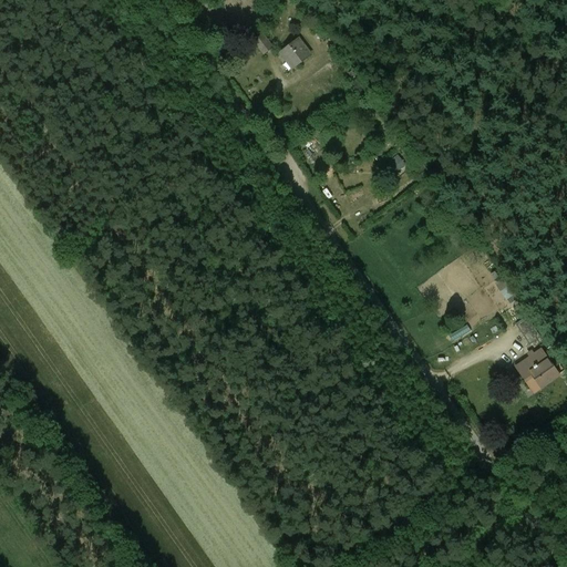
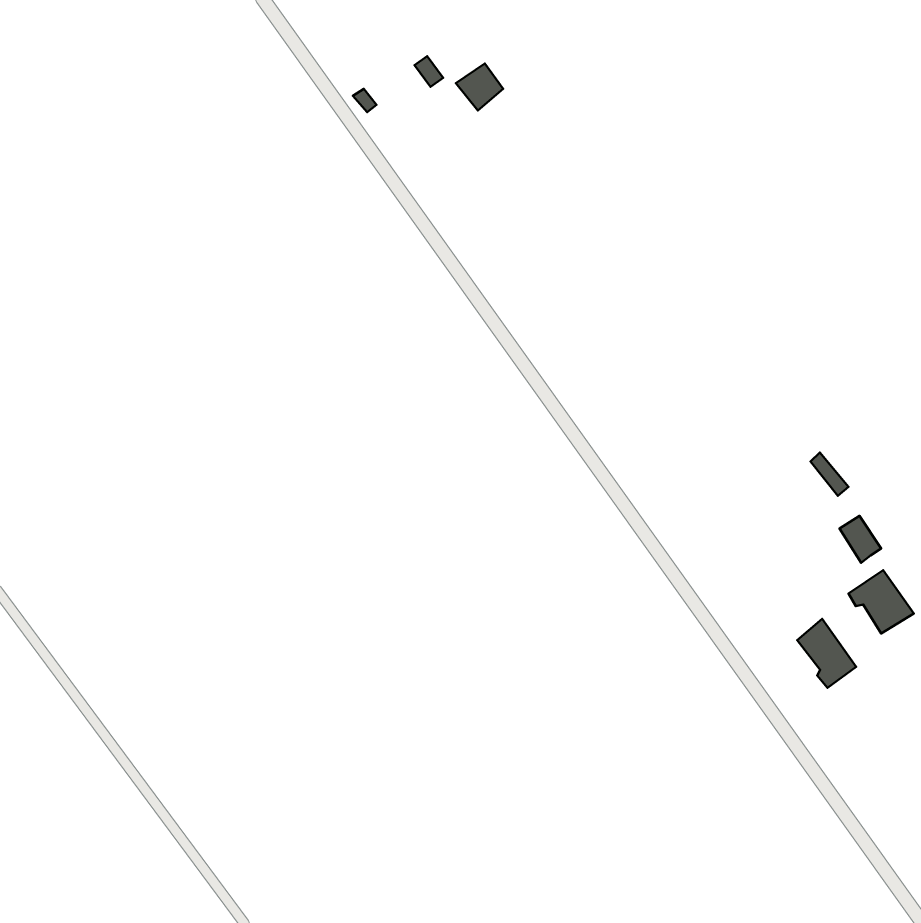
building: none -> [797,619,856,688]

